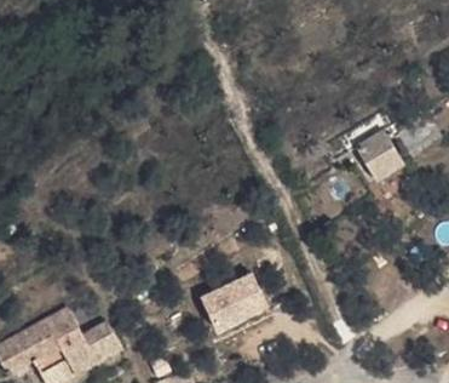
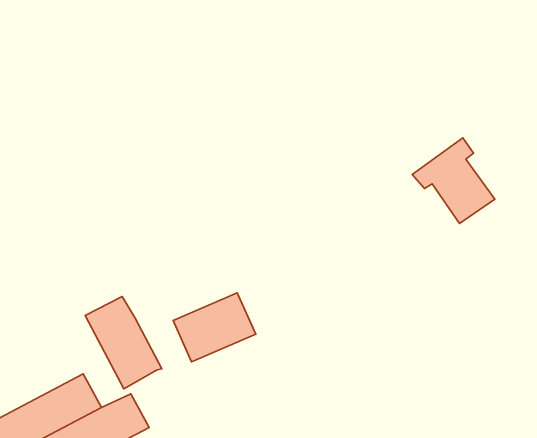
building: none -> [85,297,162,389]
building: [207,275,272,330] -> [173,293,256,362]

